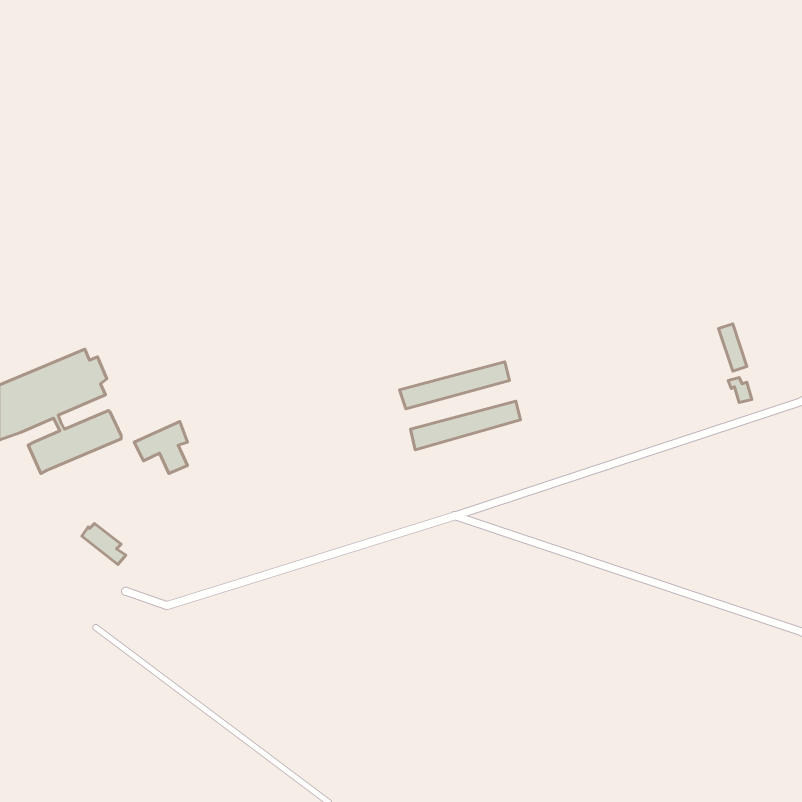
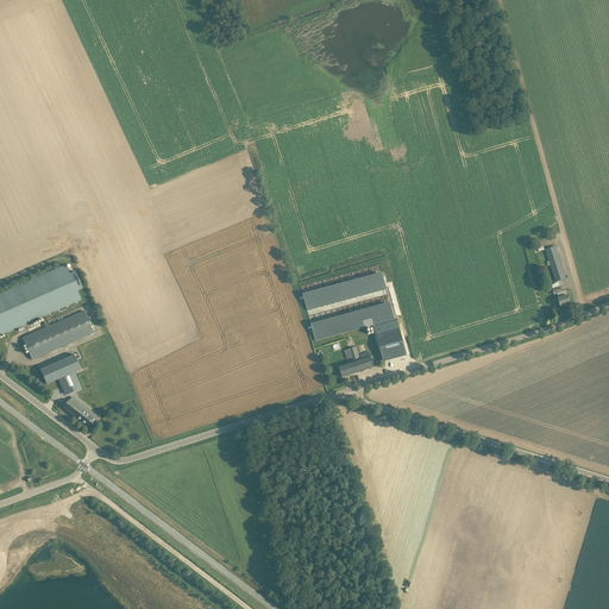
building: none -> [373,319,406,360]
building: [134,422,188,473] -> [38,352,79,391]
building: none -> [338,346,373,376]

